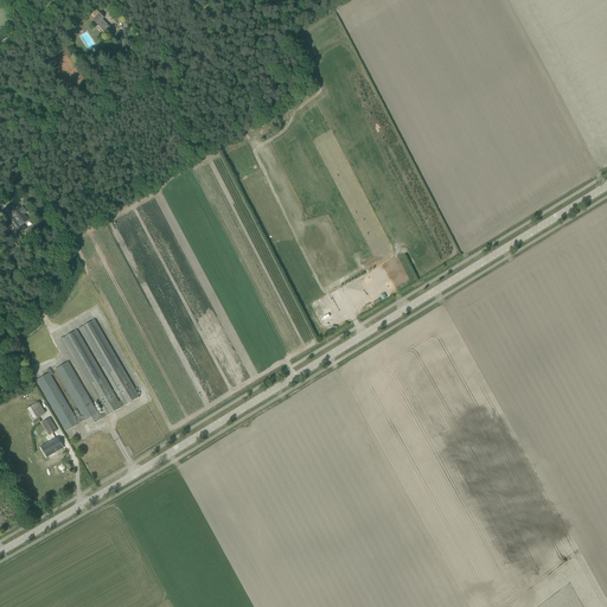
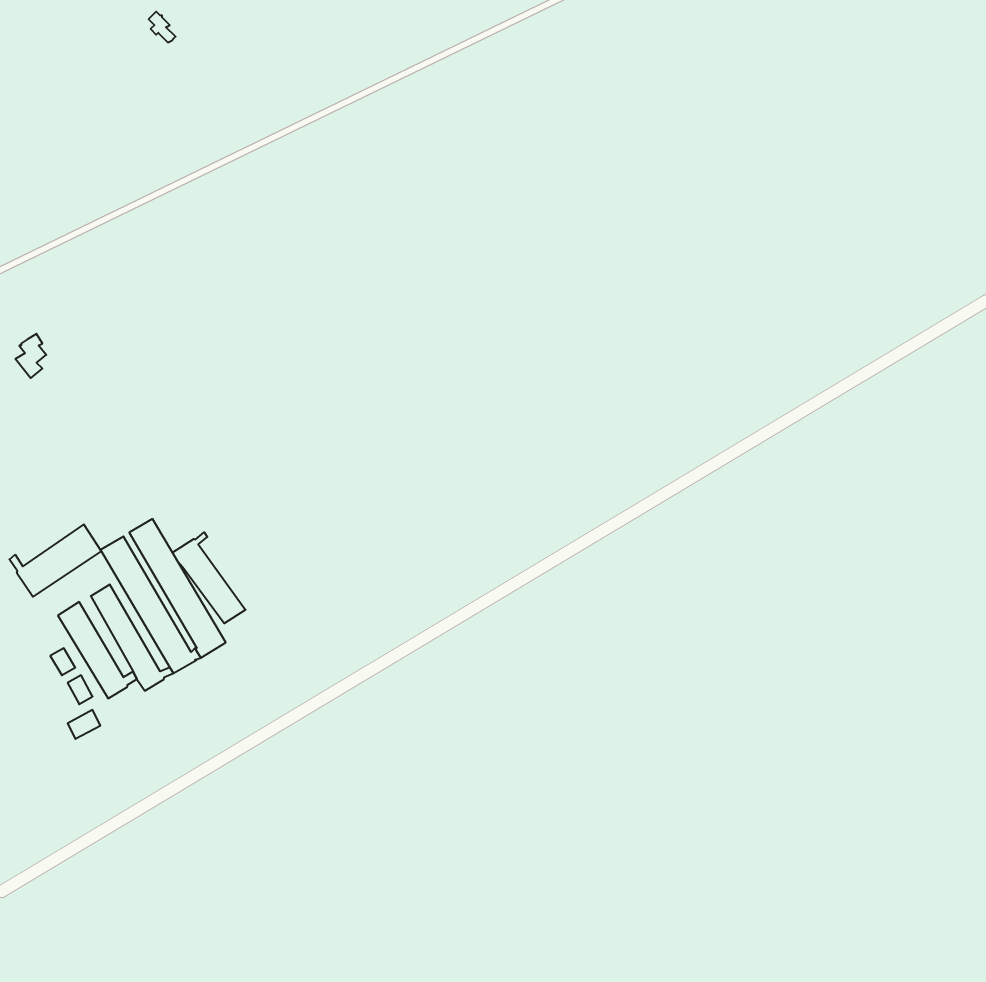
building: none -> [9,524,101,597]
building: none -> [172,532,246,623]

